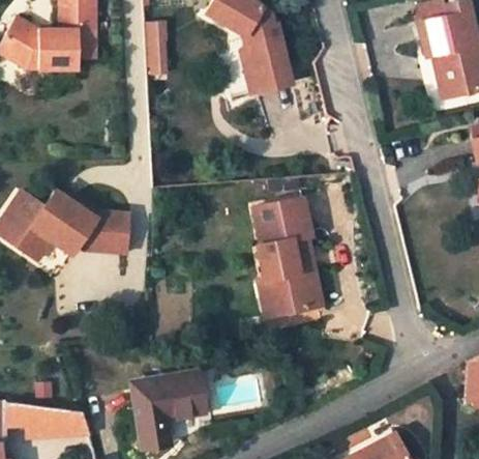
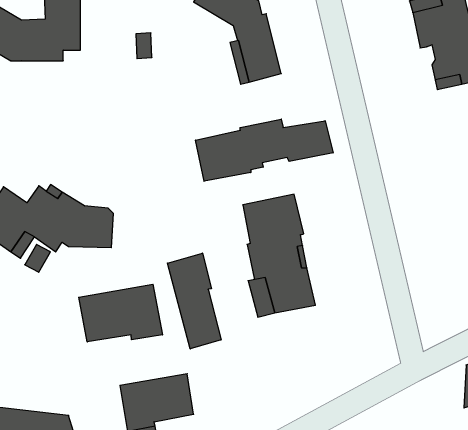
building: none -> [196,119,333,181]
building: none -> [167,253,221,349]
building: none -> [79,284,162,342]

